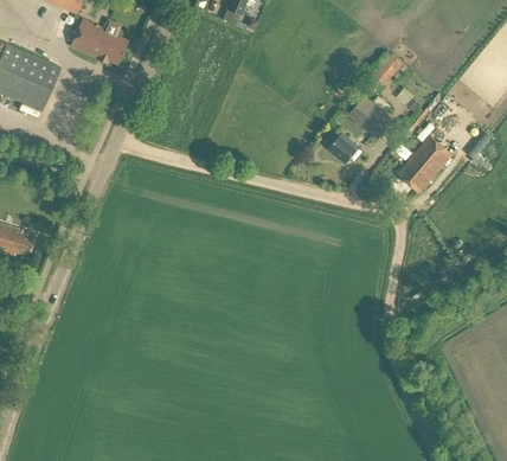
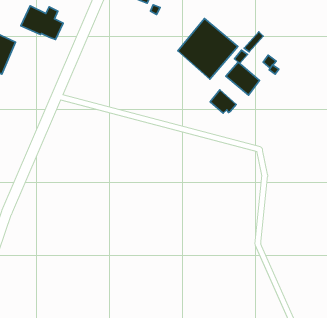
building: none -> [178,18,238,79]
building: [398,136,453,193] -> none

